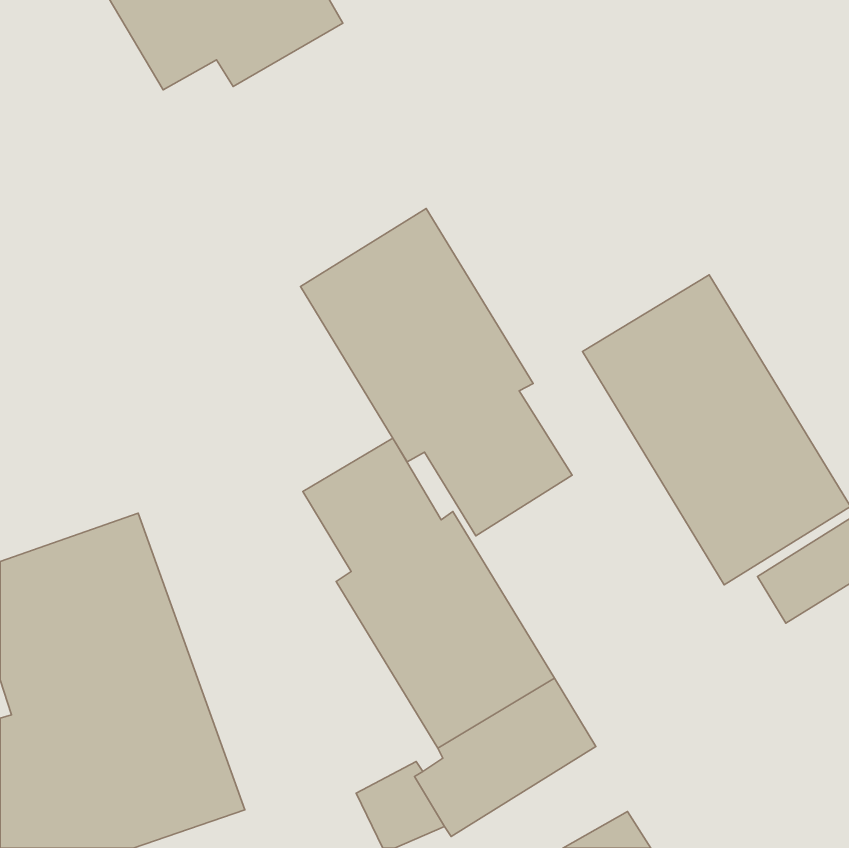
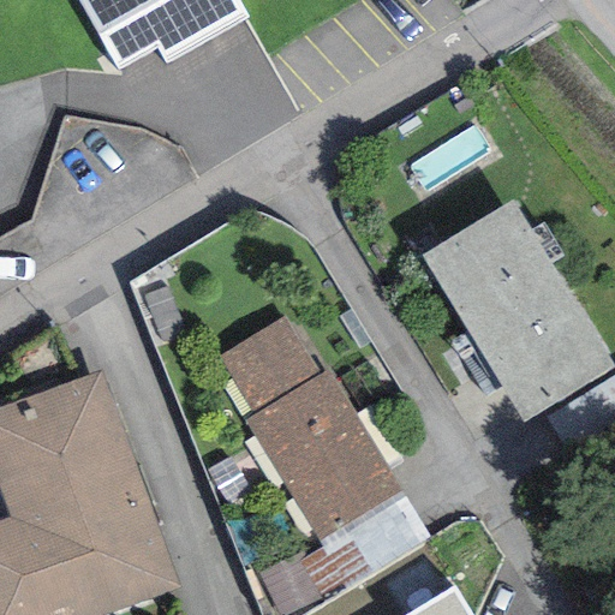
building: [300,208,572,536] -> none

